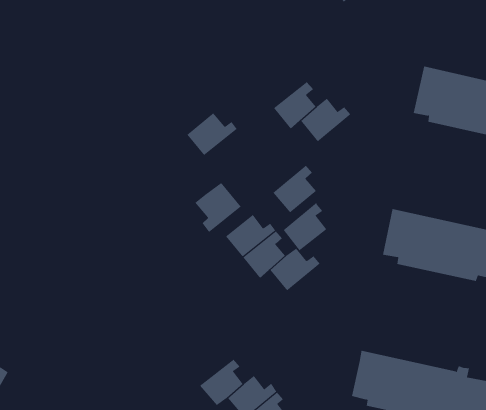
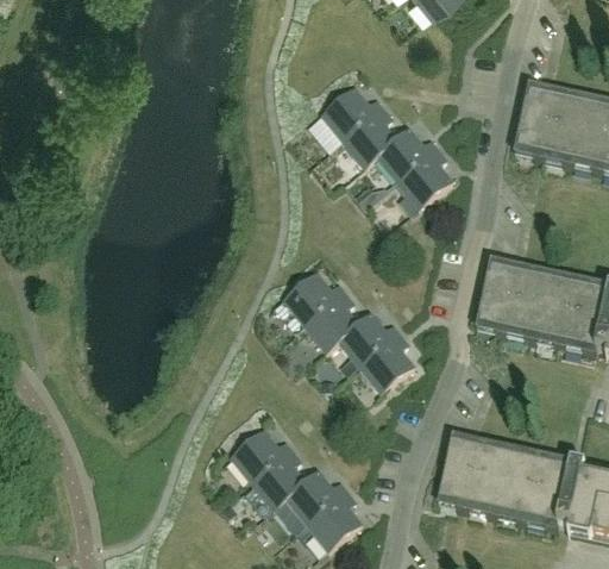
building: [187,113,238,156] -> [321,86,384,139]
building: [272,165,317,213] -> [397,146,452,206]
building: [195,182,241,233] -> none
building: [283,202,327,251] -> [359,331,414,392]
building: none -> [231,429,294,482]

